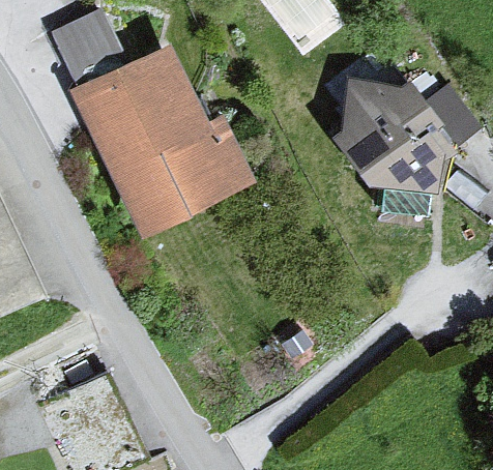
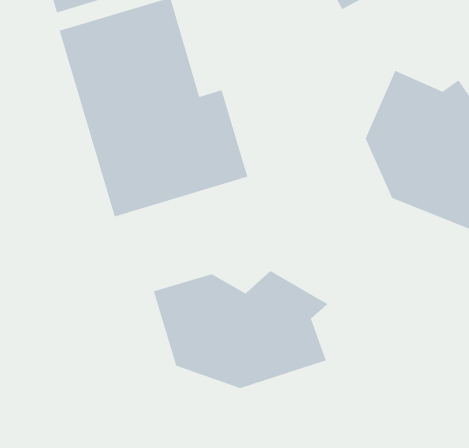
building: none -> [153,270,329,389]

